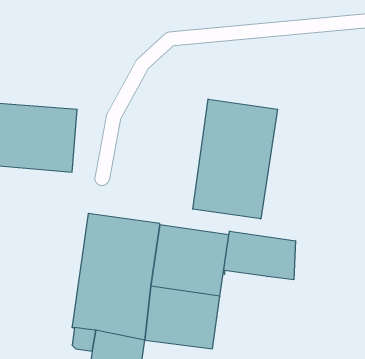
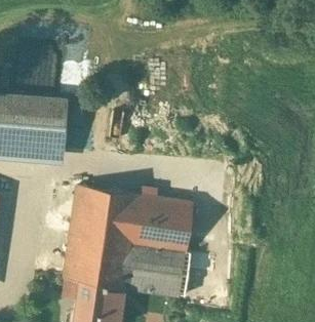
building: [193,99,277,219] -> none
building: [223,231,296,280] -> none

